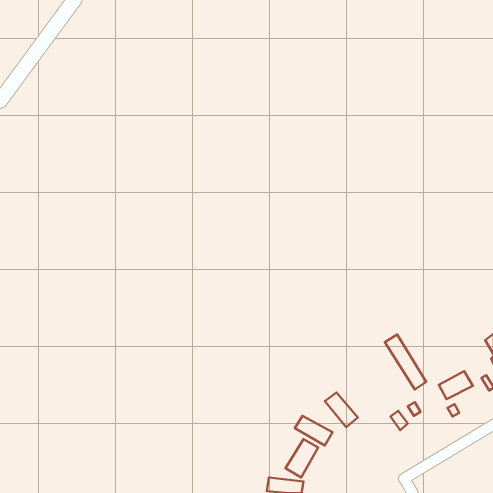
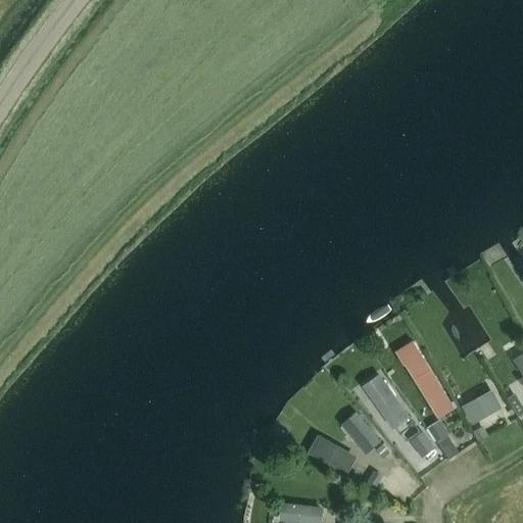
building: none -> [356,376,400,427]
building: [285,439,318,477] -> none

